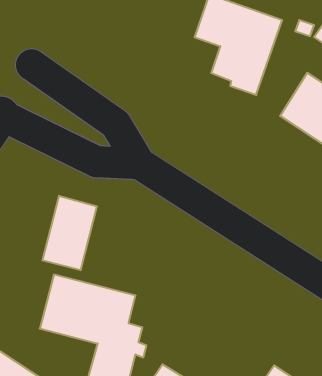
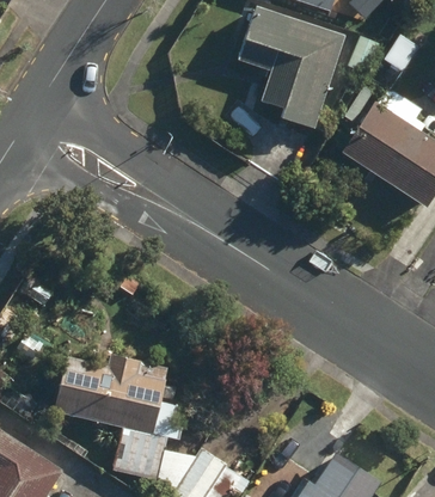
building: [42,196,97,270] -> none

